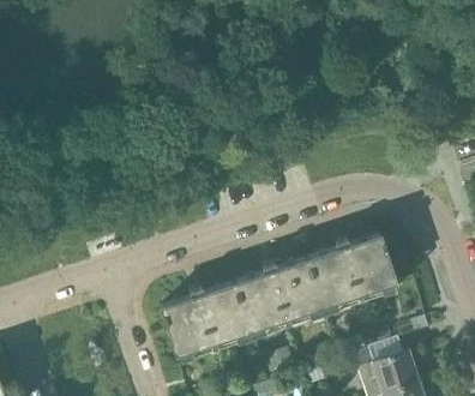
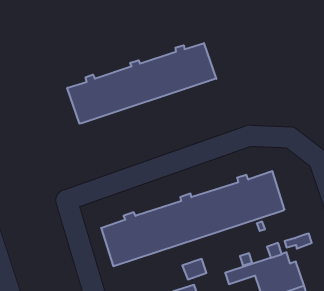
building: none -> [67,43,216,124]

